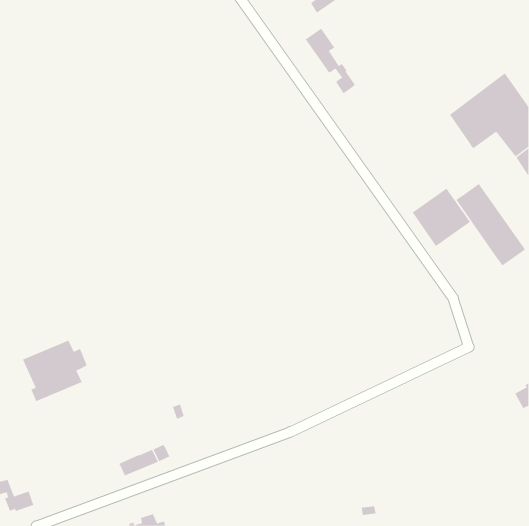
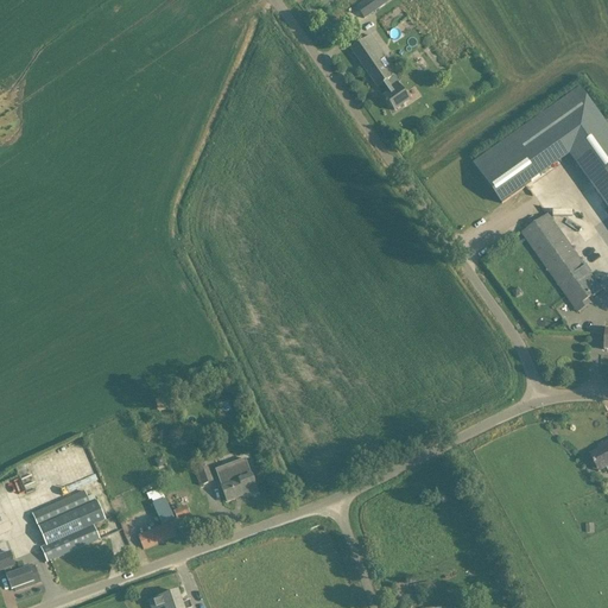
building: [412,188,471,247] -> [474,132,542,200]
building: [22,340,88,402] -> [30,488,104,559]
building: none -> [218,456,255,499]

